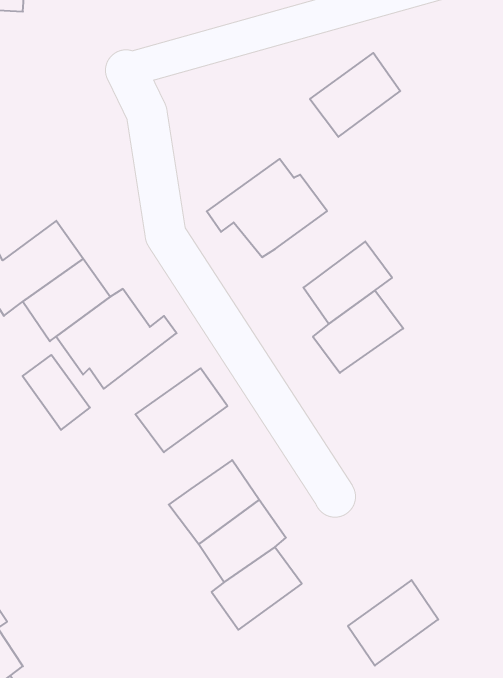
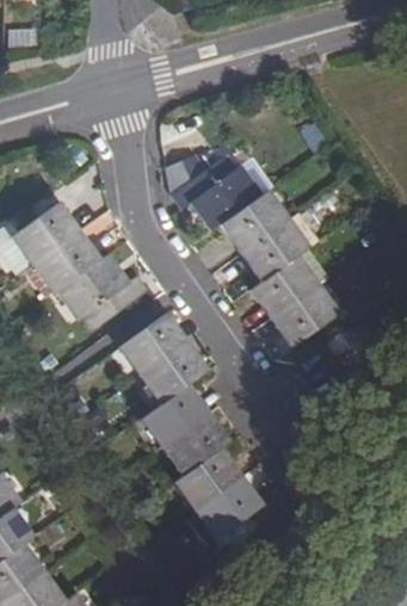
building: [310,53,400,137] -> [221,190,289,253]
building: none -> [270,284,339,348]
building: [23,355,90,430] -> none
building: none -> [137,342,205,404]
building: [348,580,438,666] -> [193,476,261,540]

